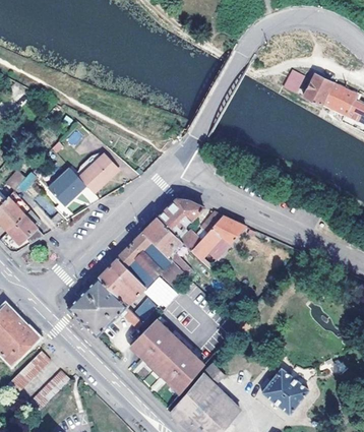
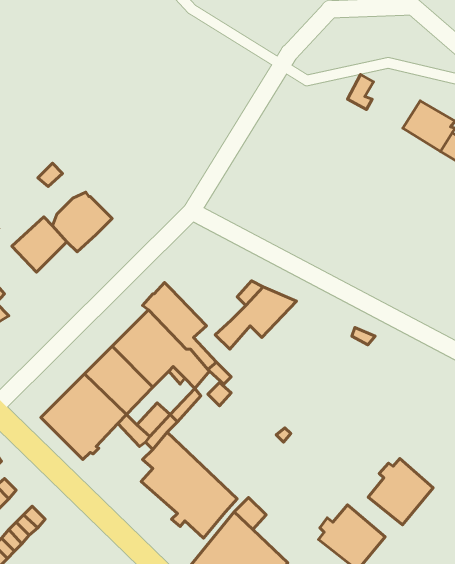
building: [304,77,332,108] -> none
building: [158,198,204,250] -> none
building: none -> [368,458,433,525]

